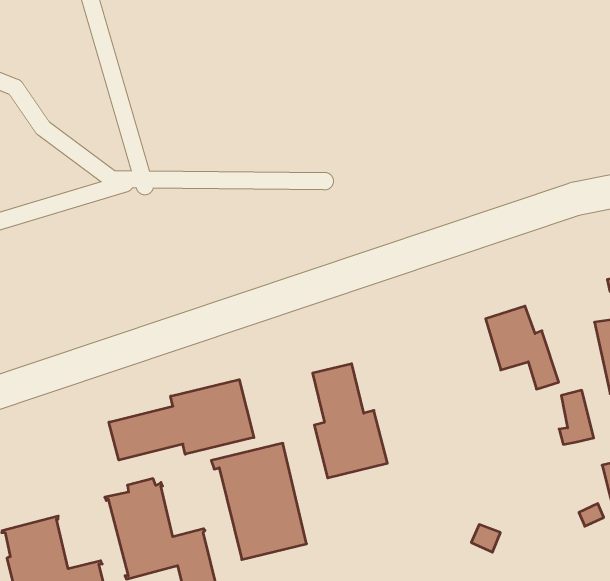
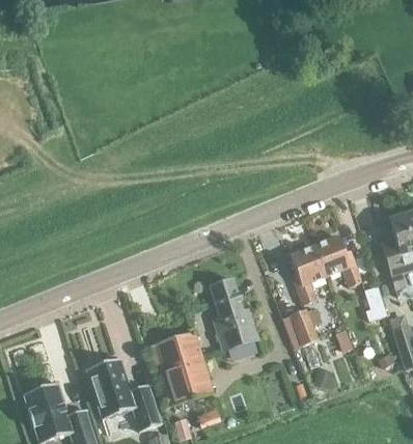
building: none -> [290,244,326,303]
building: [109,380,254,460] -> none
building: none -> [282,308,319,349]

